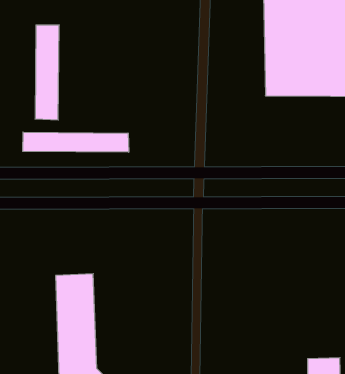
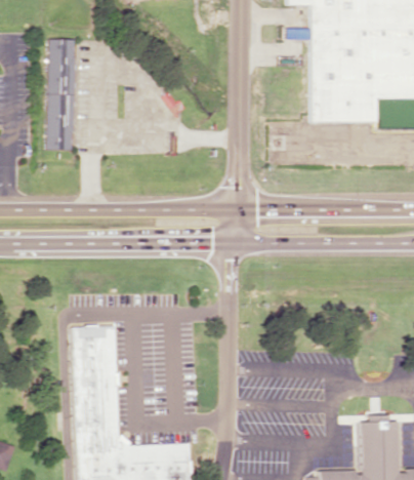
building: [23,132,129,152] -> none

